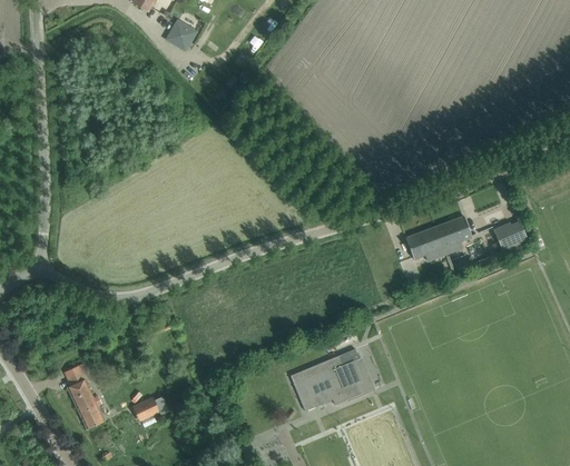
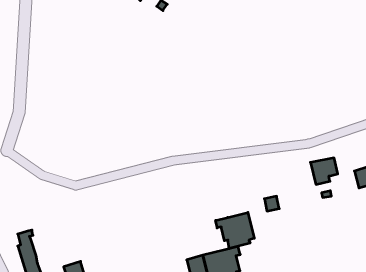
building: [405,226,445,260] -> none
building: none -> [216,212,254,249]

